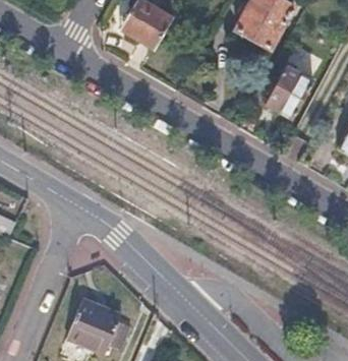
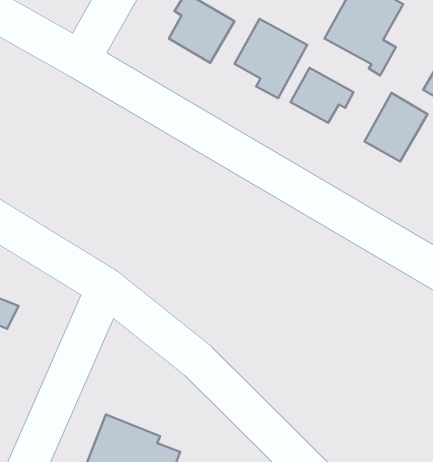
building: none -> [235,19,307,98]
building: none -> [291,68,353,123]

